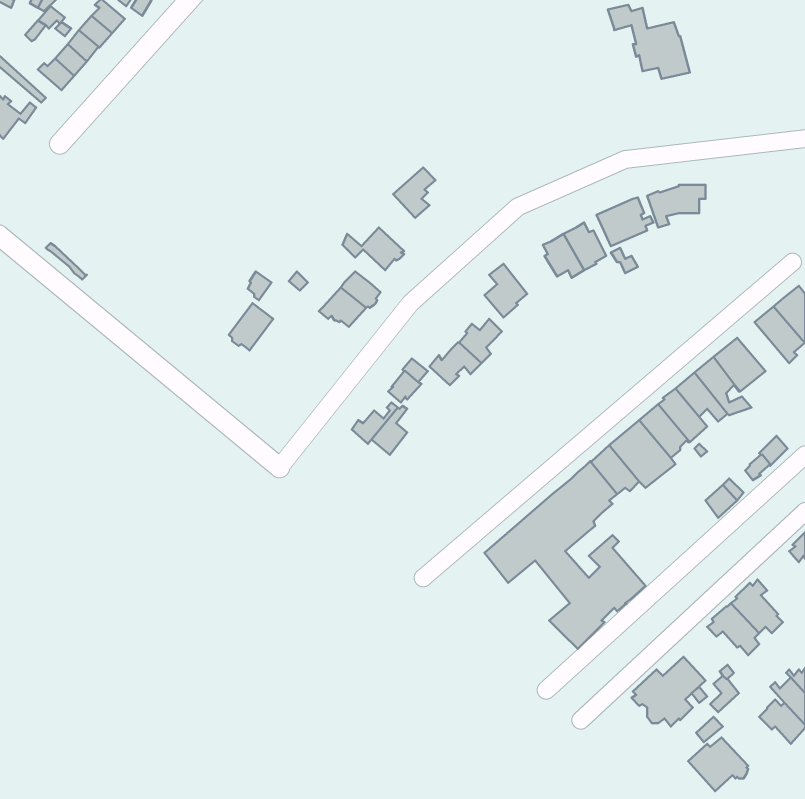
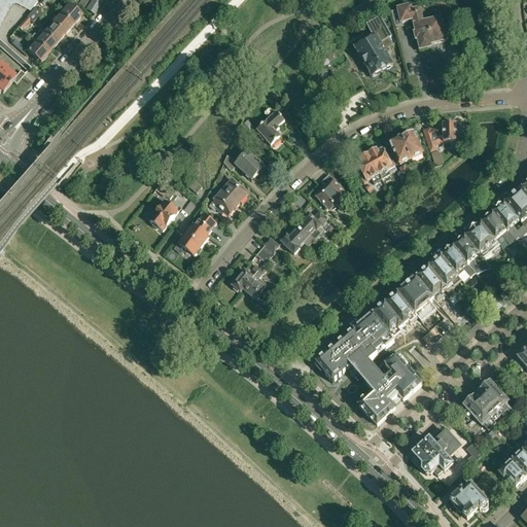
building: none -> [355,15,393,74]
building: none -> [481,210,515,242]
building: none -> [174,212,215,253]

